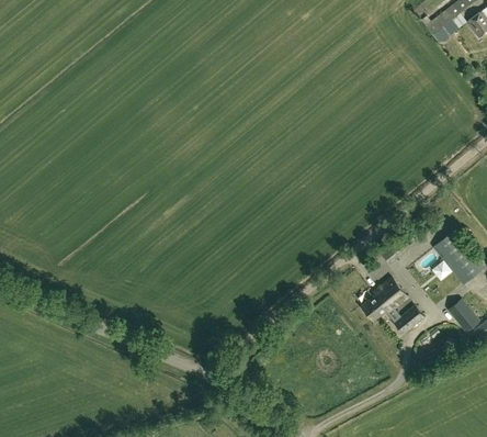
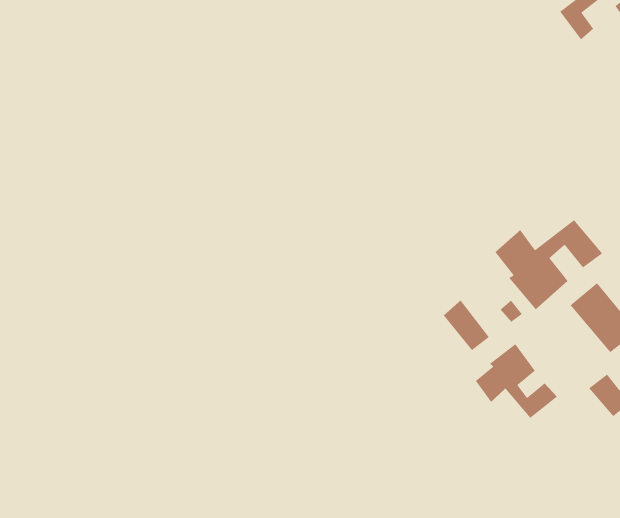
building: none -> [495,219,603,310]
building: none -> [443,300,490,351]

